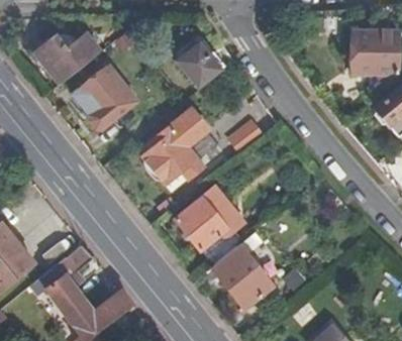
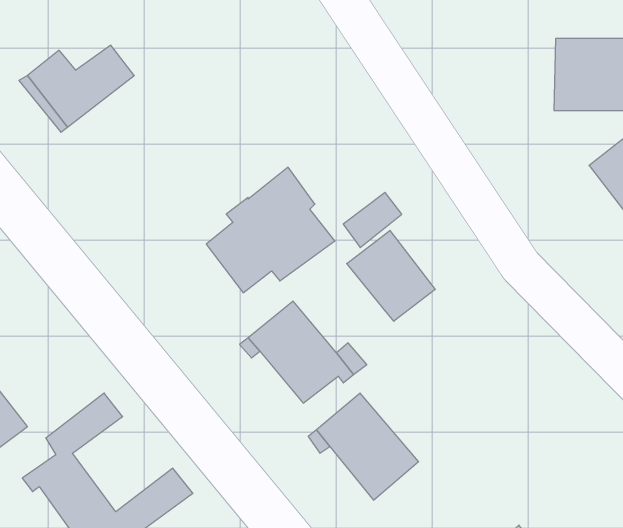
building: [177,41,232,85] -> none
building: [75,65,138,128] -> none
building: none -> [347,230,435,321]

